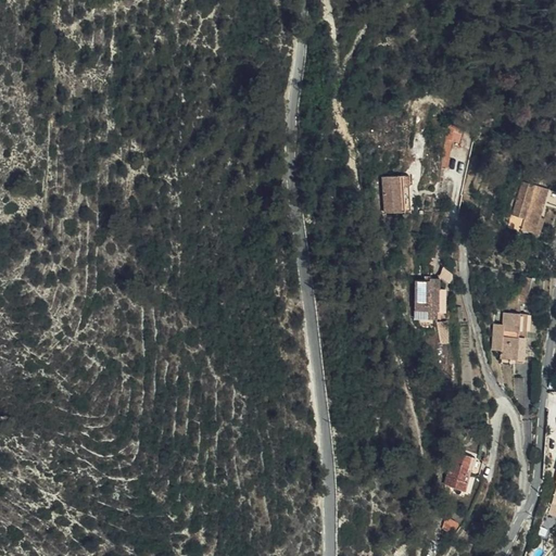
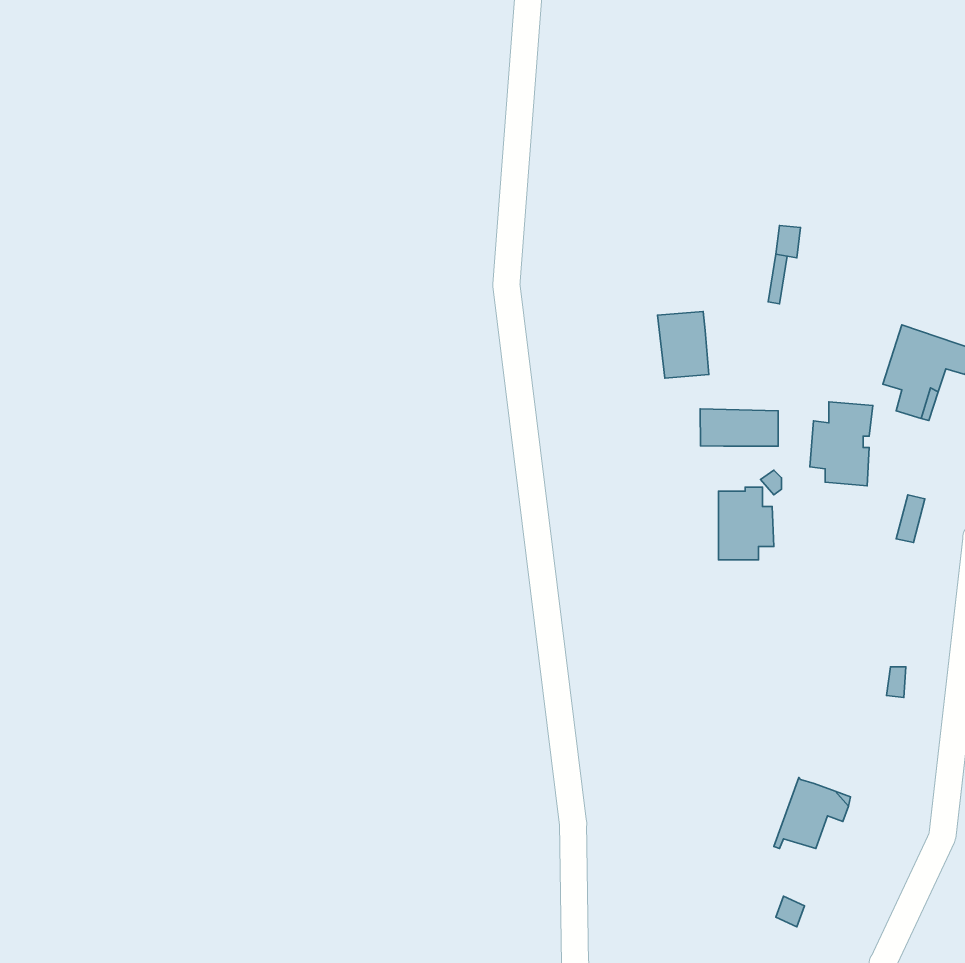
building: none -> [700,409,778,446]
building: [491,313,527,361] -> [810,402,873,486]

